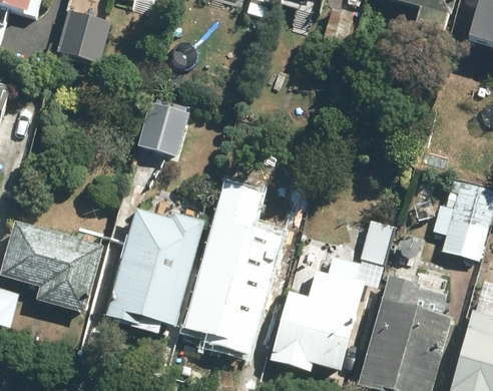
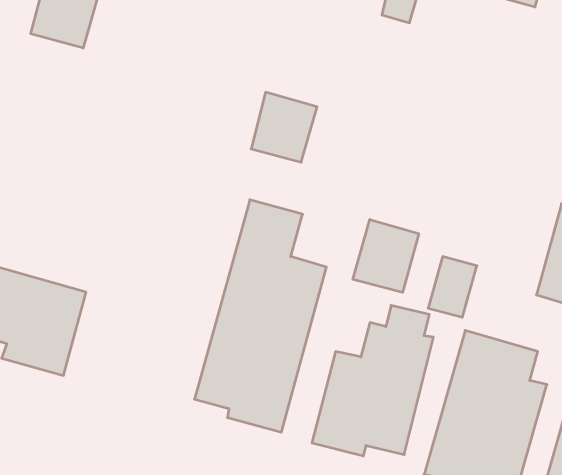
building: [138,102,188,155] -> [251,92,317,162]
building: none -> [353,219,419,292]
building: [106,212,202,324] -> none

